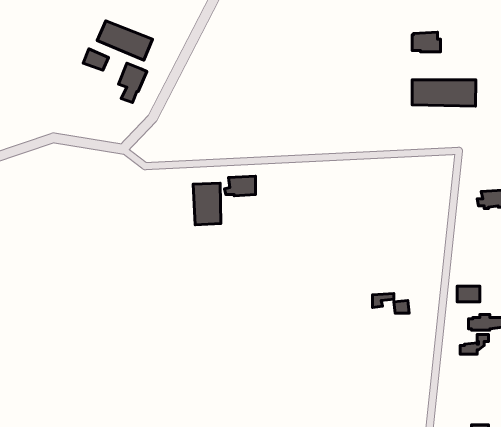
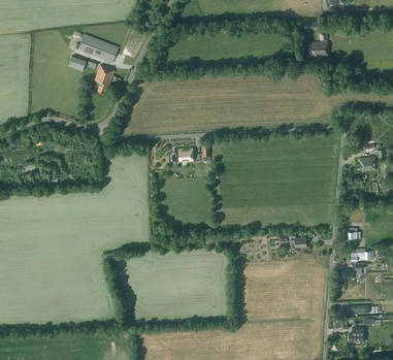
building: [412,80,476,106] -> none
building: [193,183,221,225] -> none

